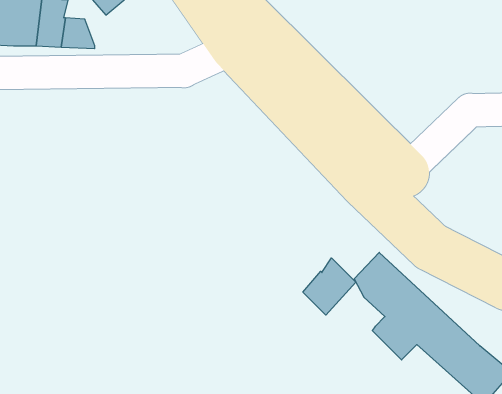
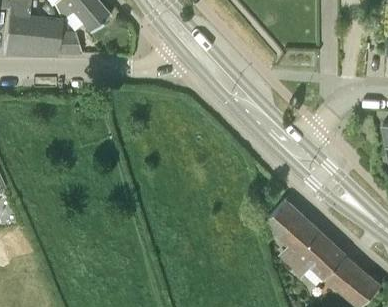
building: [303,258,356,315] -> none

